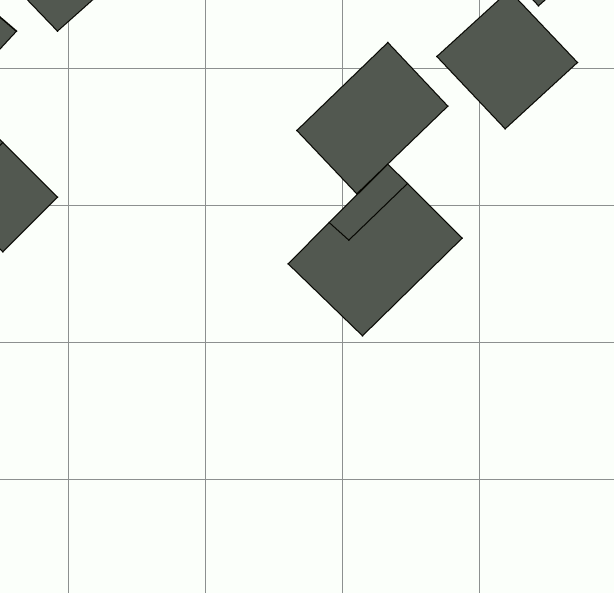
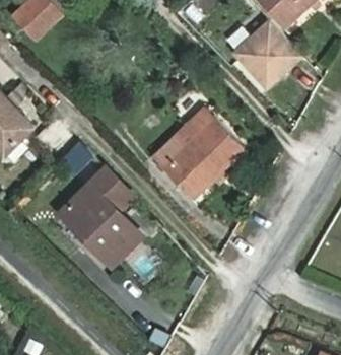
building: [297,43,448,194] -> none
building: none -> [59,167,140,265]

